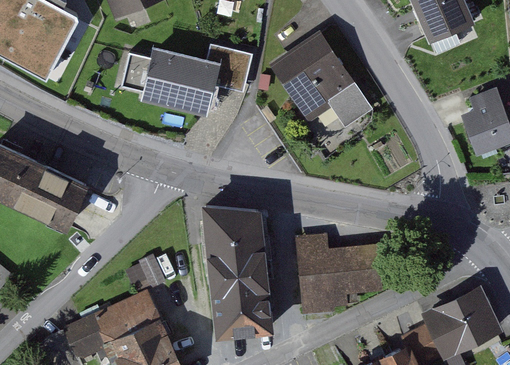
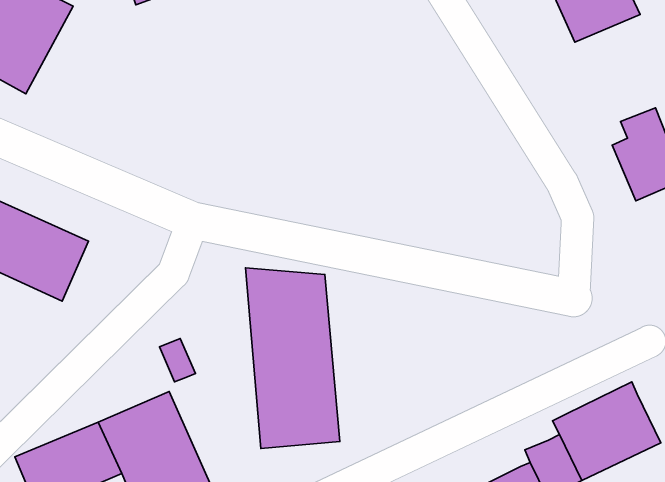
building: [272,33,372,129] -> none
building: [118,42,248,120] -> none
building: [293,232,380,311] -> none

